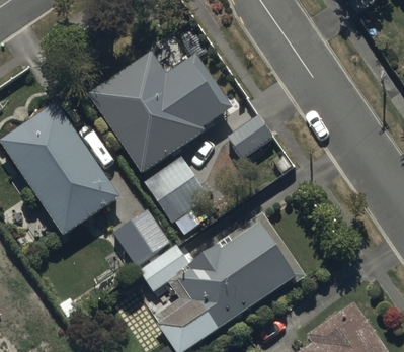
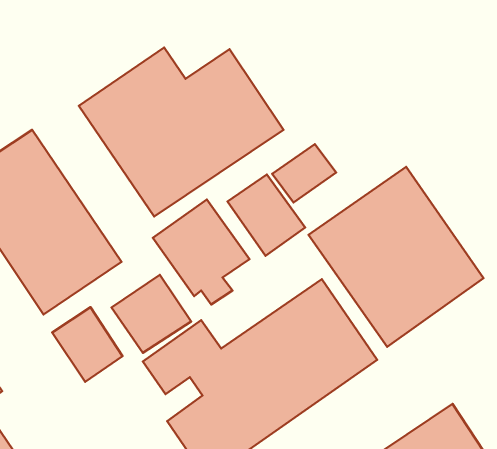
building: none -> [309,167,483,347]
building: none -> [227,174,305,256]
building: none -> [52,307,122,382]

